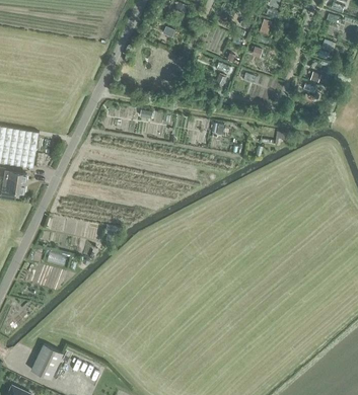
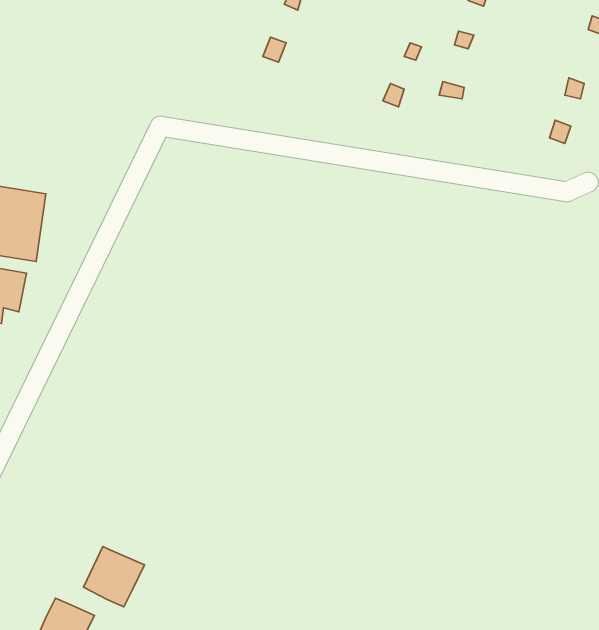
building: none -> [84,547,145,607]

